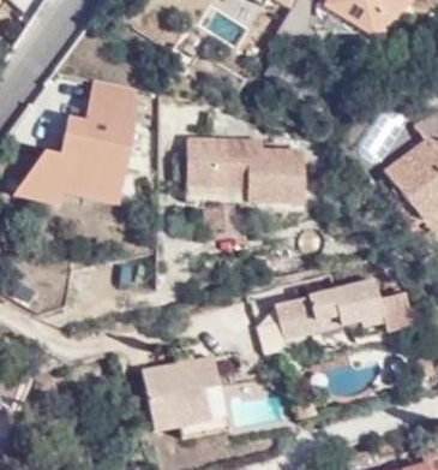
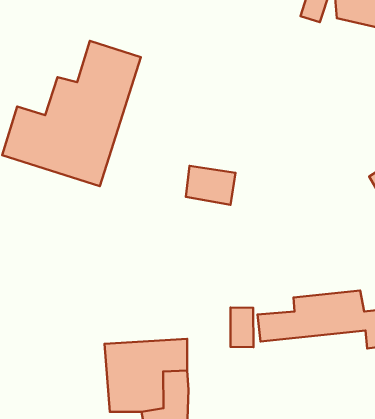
building: [181,123,300,188] -> none

